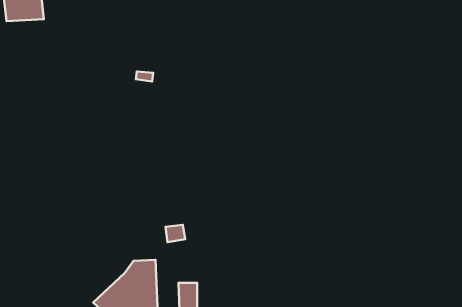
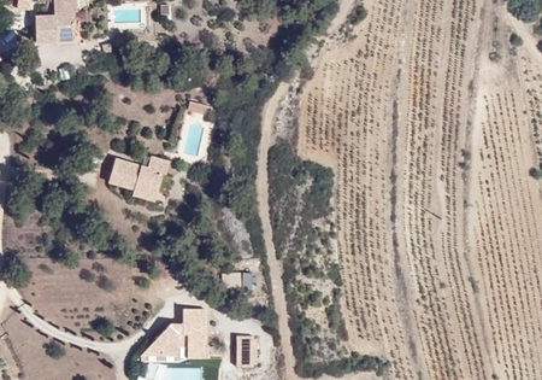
building: none -> [105,153,171,203]

